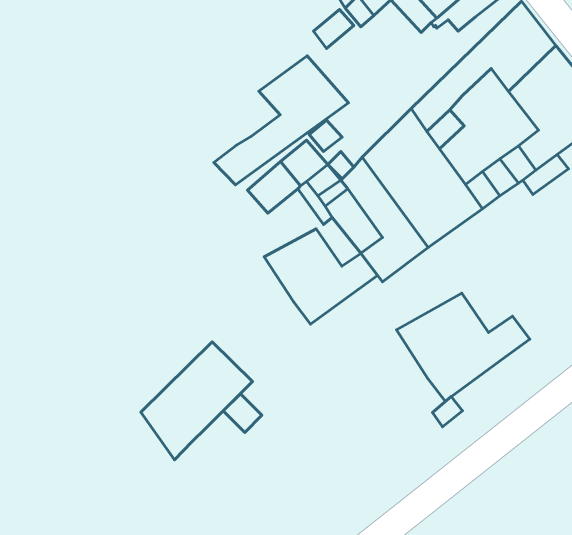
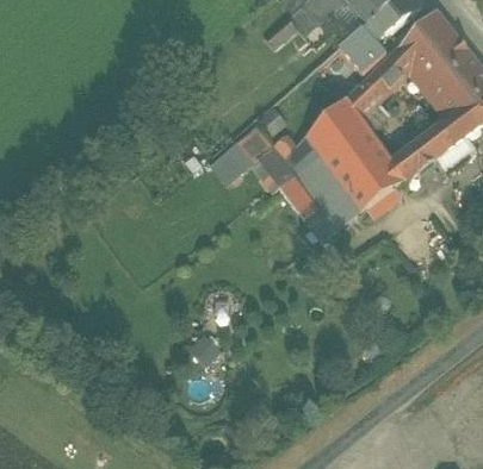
building: none -> [341,27,384,69]
building: [214,56,348,185] -> none
building: [264,229,377,324] -> none
building: [397,293,530,401] -> none
building: [141,342,252,460] -> none

